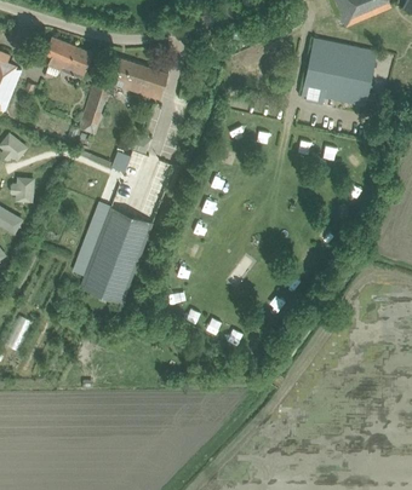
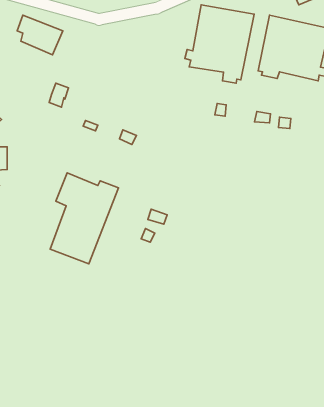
building: none -> [185,5,254,83]
building: [104,56,167,98] -> none

